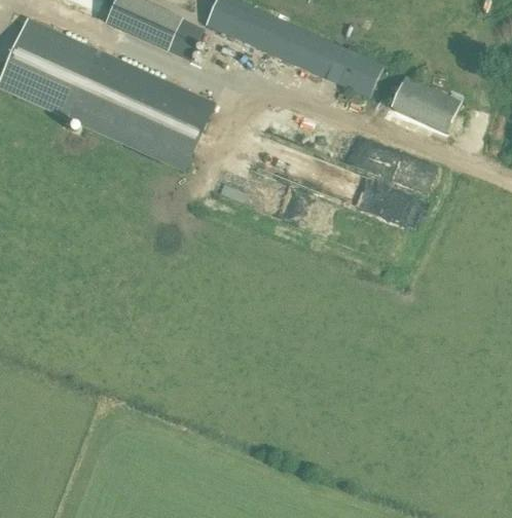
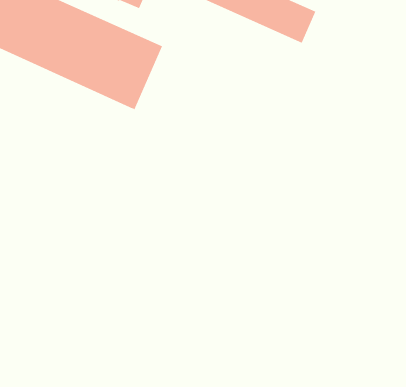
building: [389,77,460,134] -> none

